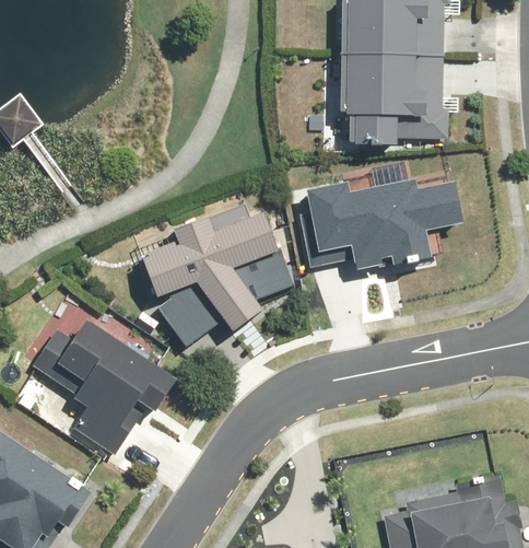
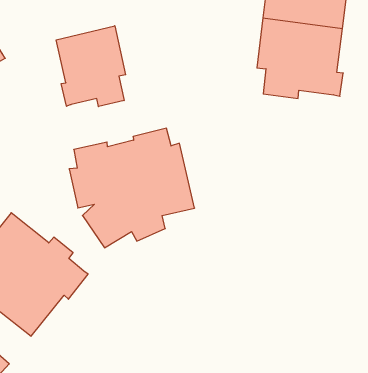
building: none -> [56,26,126,107]
building: [310,176,465,266] -> none

